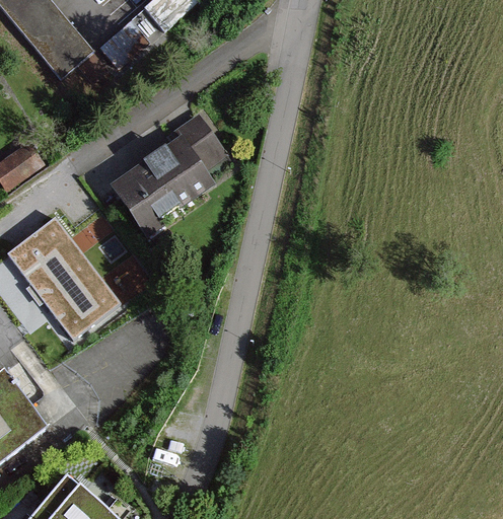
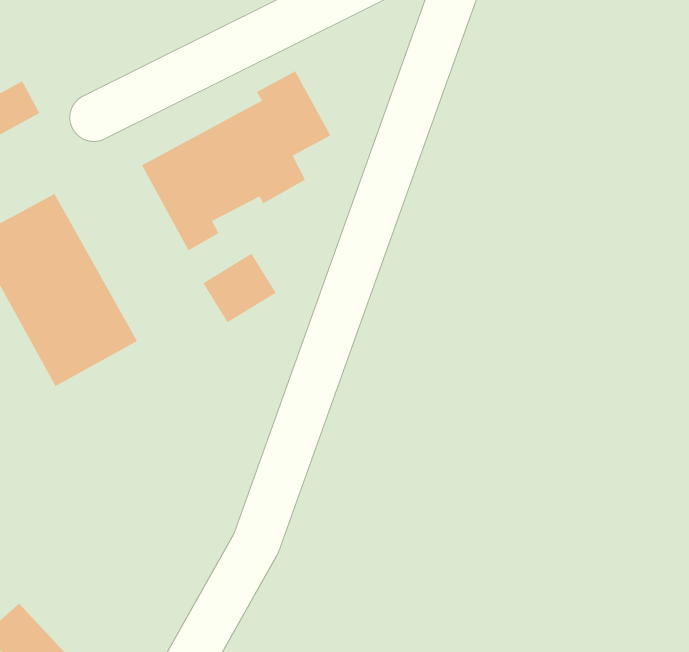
building: none -> [203,253,276,323]

